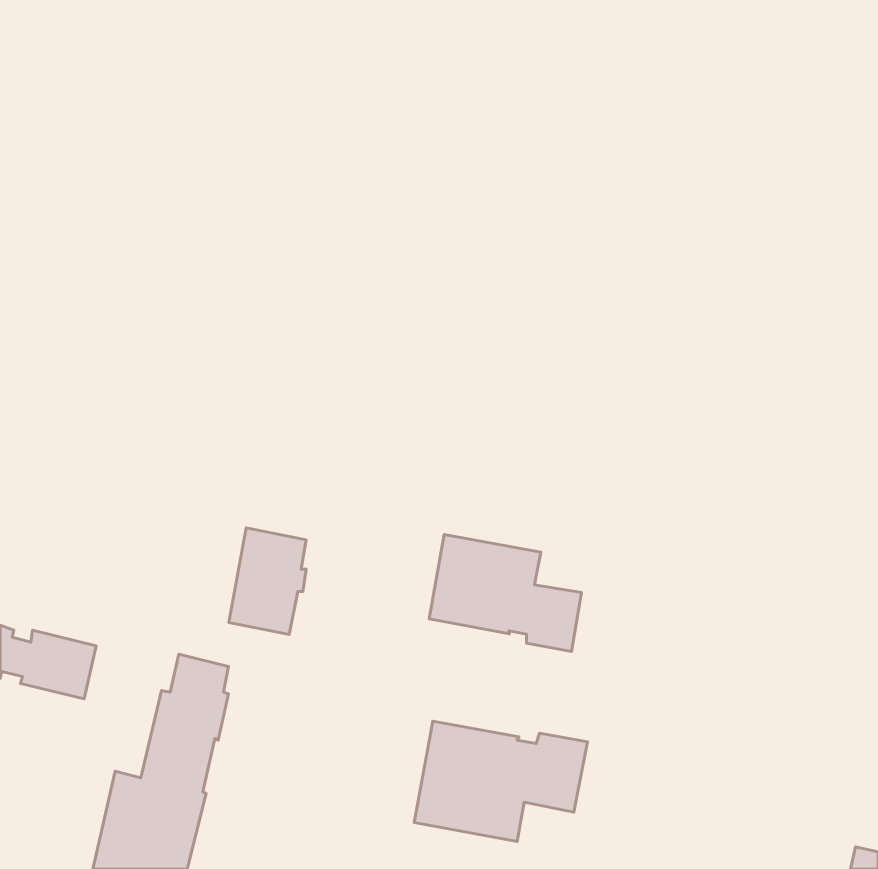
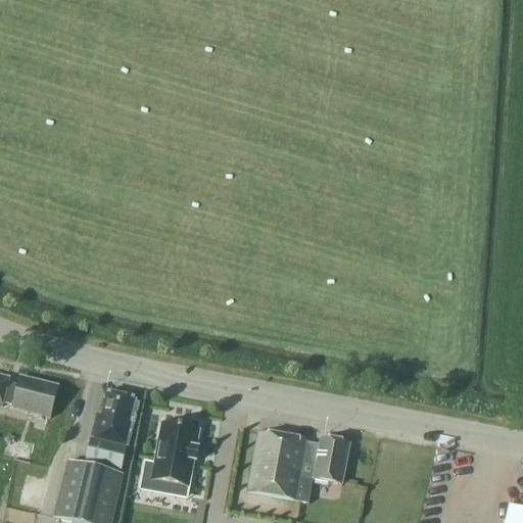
building: [229,528,306,634] -> [151,422,197,485]
building: [429,535,581,652] -> none

